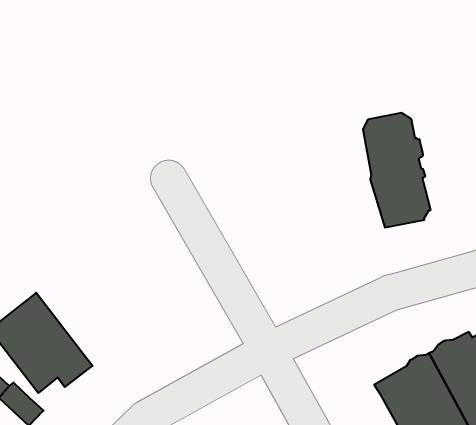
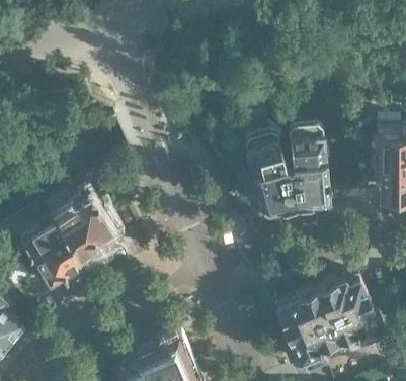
building: none -> [247,134,298,211]
building: none -> [51,193,121,269]

